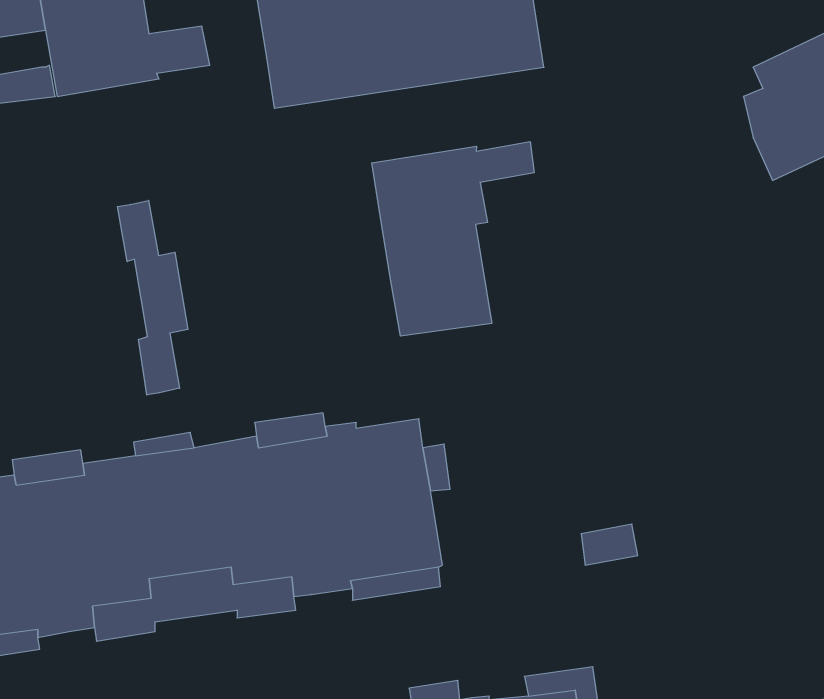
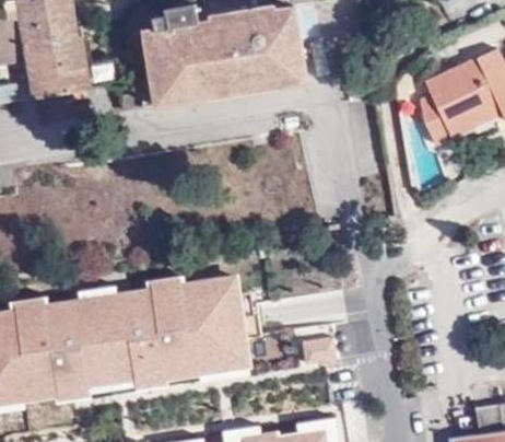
building: [372,142,534,336] -> none
building: [117,200,188,395] -> none

